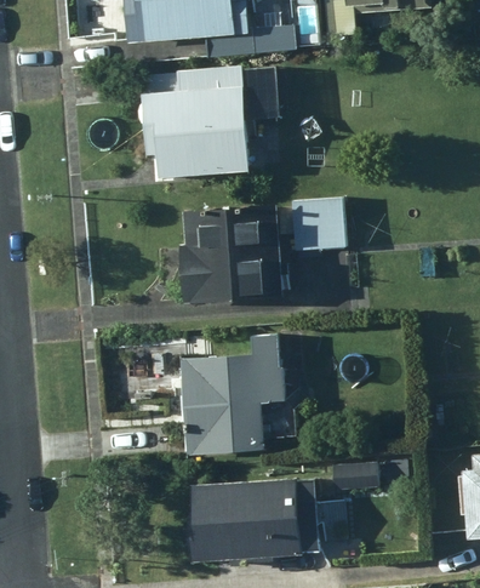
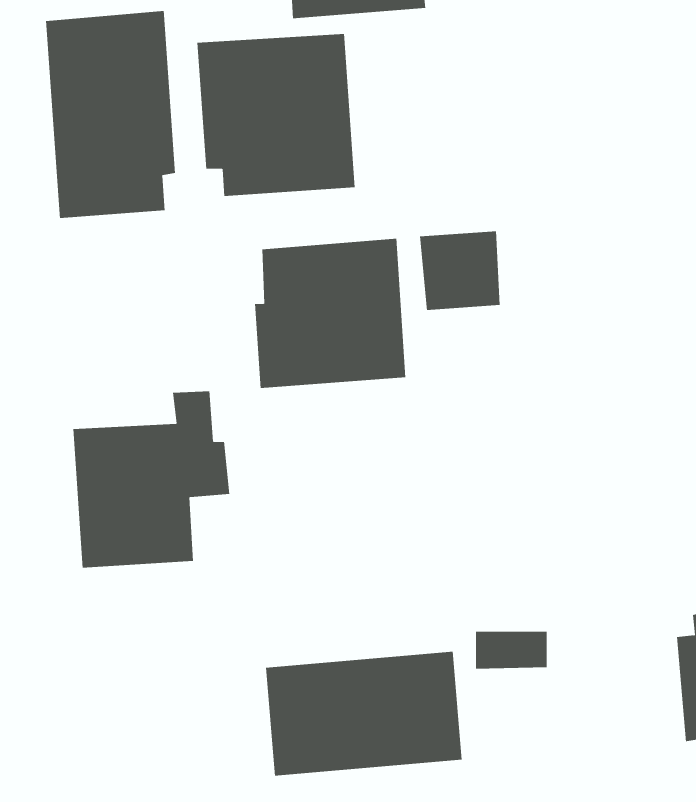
building: none -> [45,10,176,219]
building: [182,332,287,451] -> [73,391,230,568]

